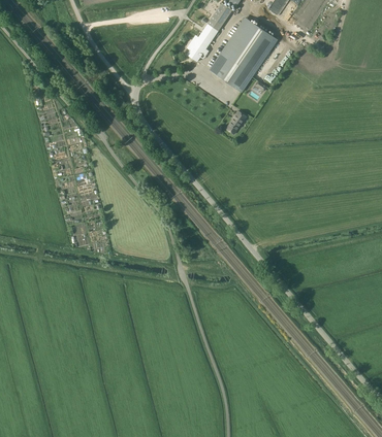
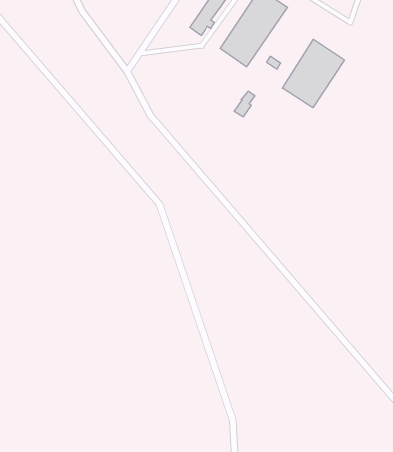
building: none -> [282,39,345,108]

